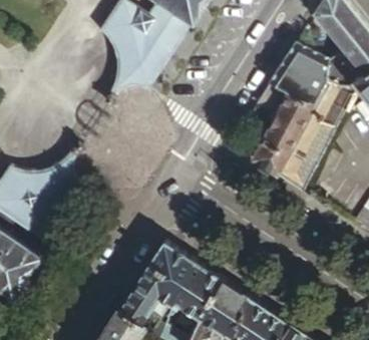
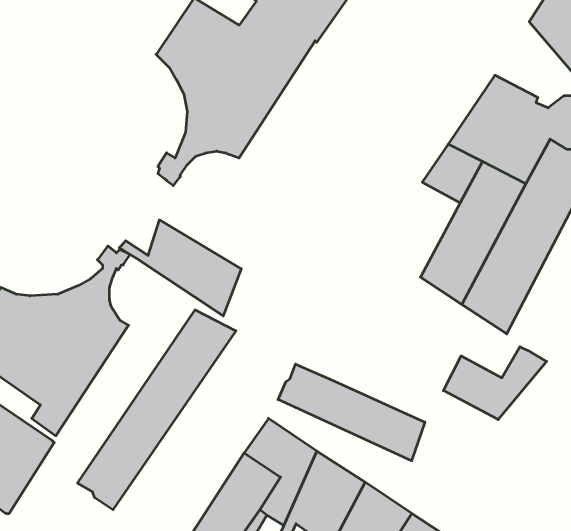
building: none -> [119,220,241,316]
building: none -> [78,310,236,510]
building: none -> [443,347,547,420]
building: none -> [278,364,425,461]

